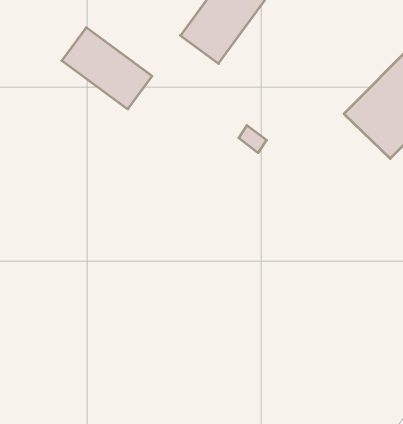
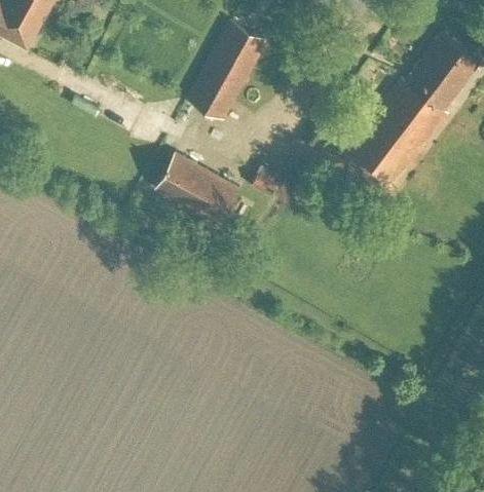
building: [62,28,152,109] -> [156,154,240,224]

